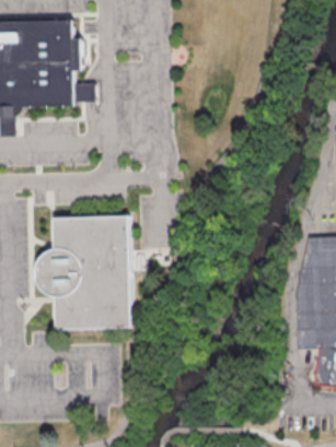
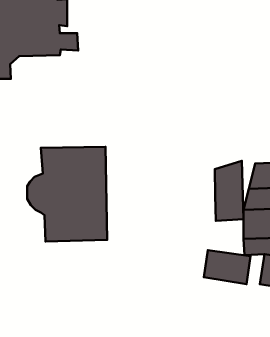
building: none -> [215,161,244,221]
building: none -> [204,250,251,284]

